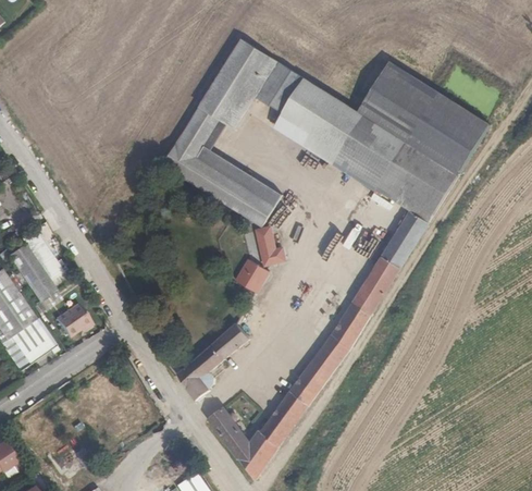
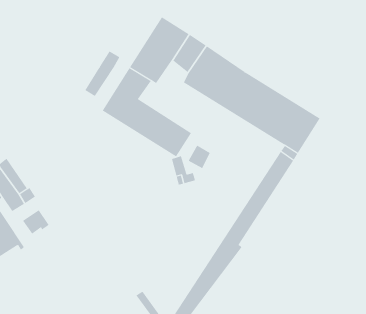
building: [356,60,488,175] -> none
building: none -> [85,51,120,97]
building: [237,259,268,292] -> [188,145,210,169]
building: [177,321,249,401] -> none

